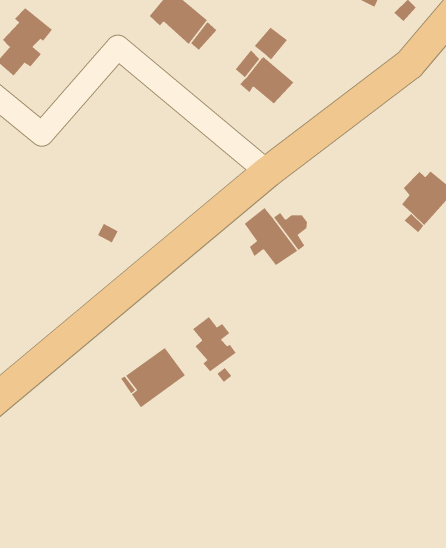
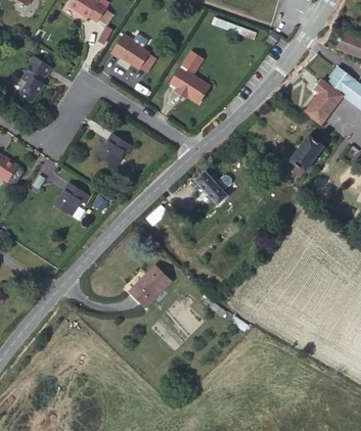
building: none -> [98,128,135,160]
building: none -> [51,187,92,220]
building: [192,316,237,372] -> none

